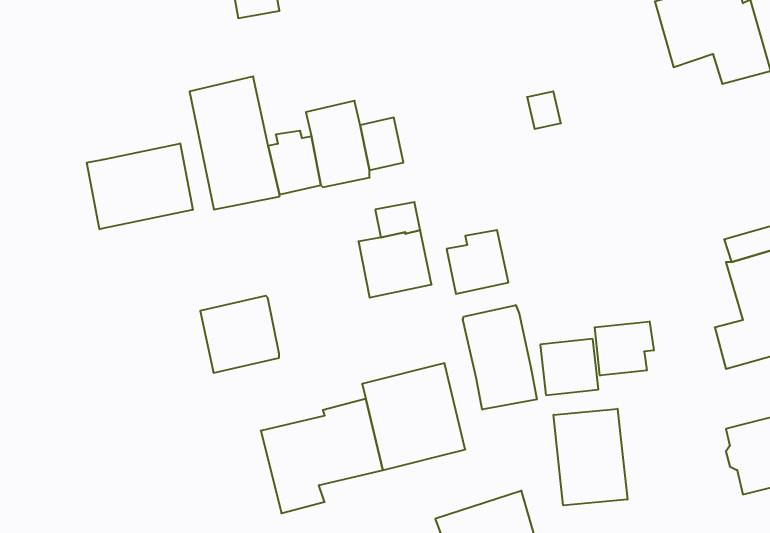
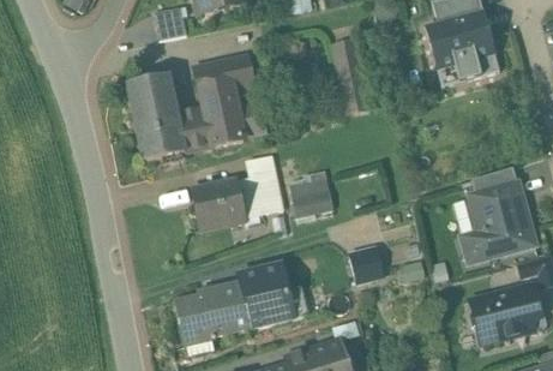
building: none -> [196,54,253,97]
building: [87,143,193,229] -> none
building: [200,296,279,373] -> [193,179,244,228]
building: [463,305,537,410] -> none
building: [595,321,654,376] -> none
building: [554,409,627,505] -> none

